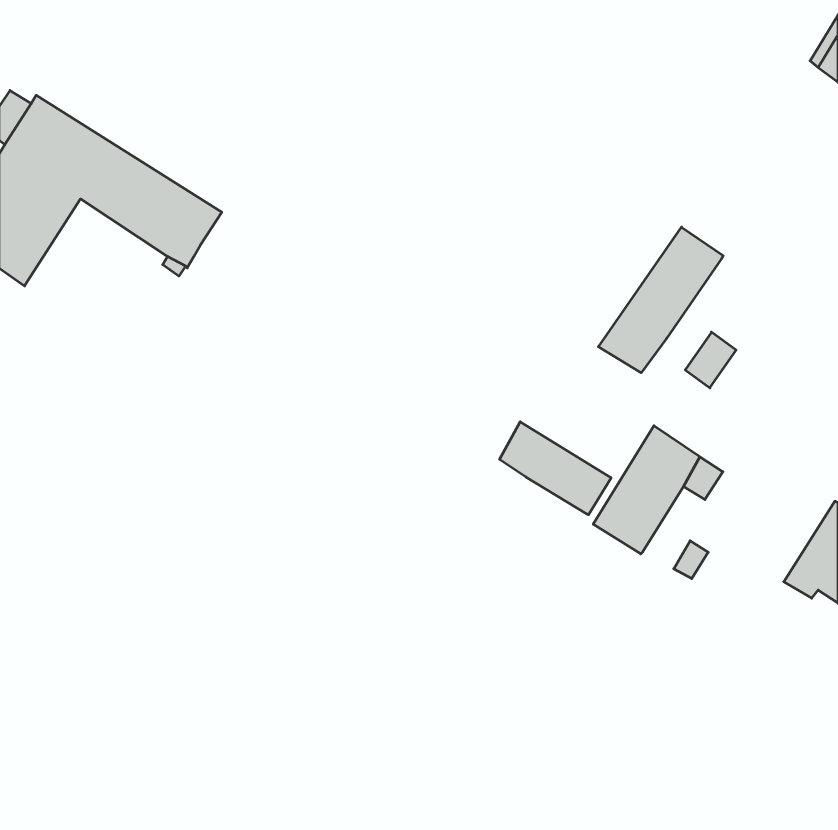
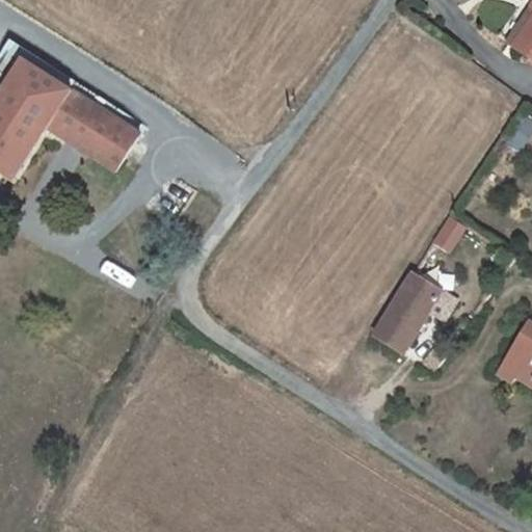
building: [598,227,723,373] -> none
building: [500,422,611,515] -> none

